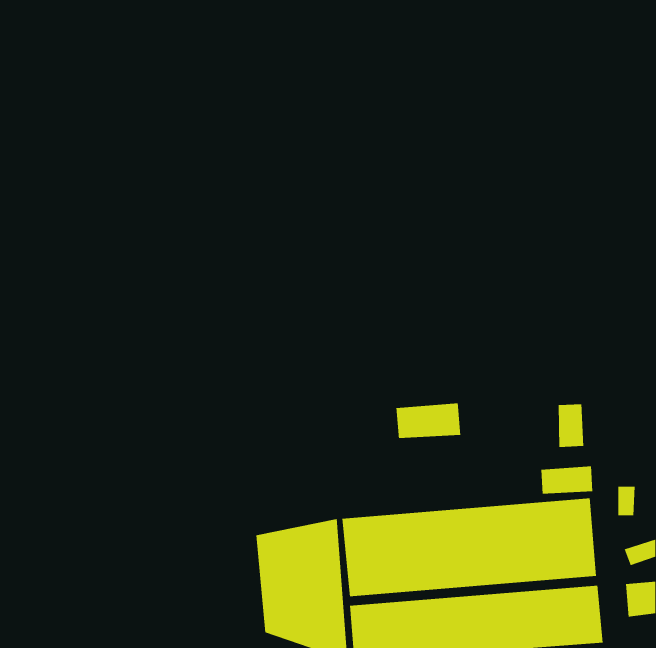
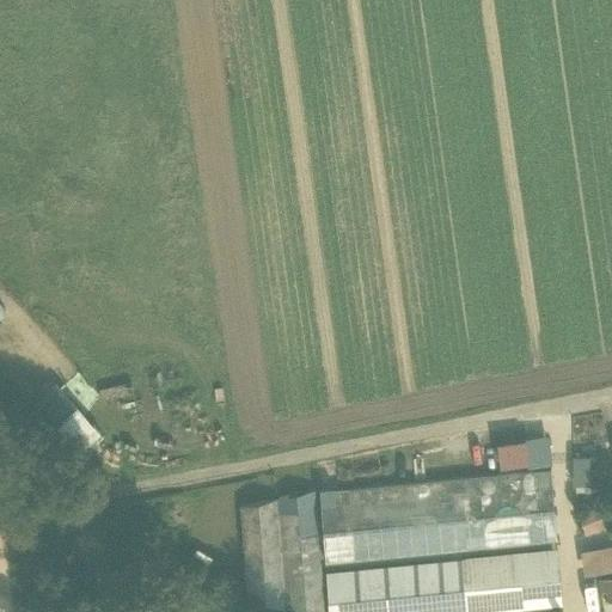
building: [396,402,461,439] -> none
building: [558,404,584,448] -> none

